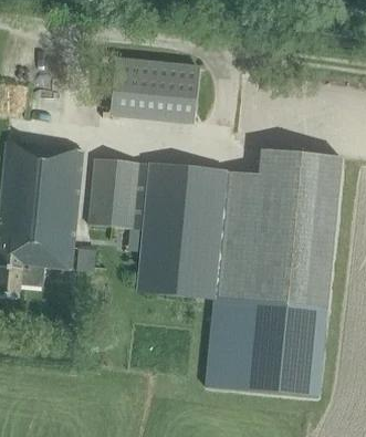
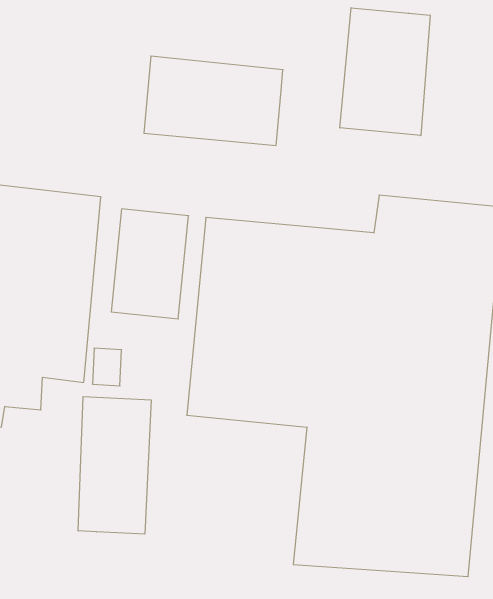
building: none -> [340,8,430,136]
building: none -> [78,397,151,534]

